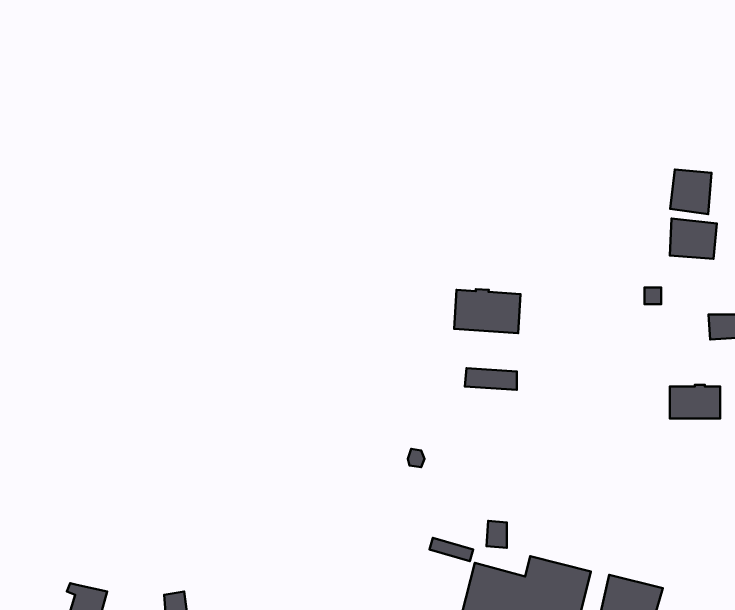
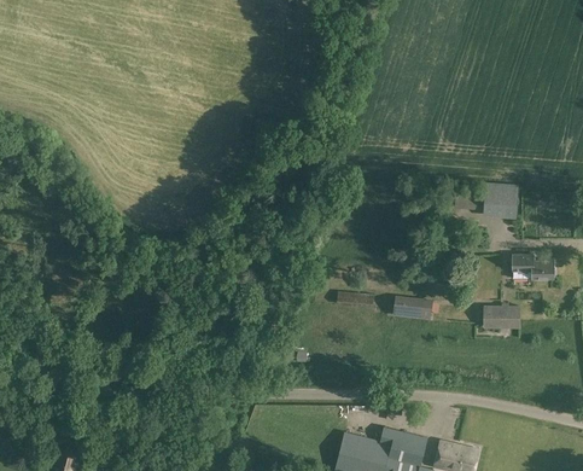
building: [670,169,711,214] -> none
building: [454,289,521,333] -> none
building: none -> [393,296,433,320]

